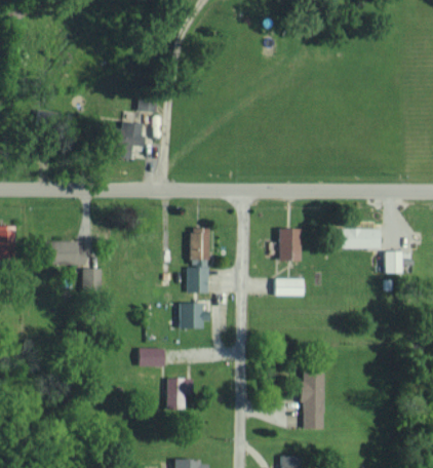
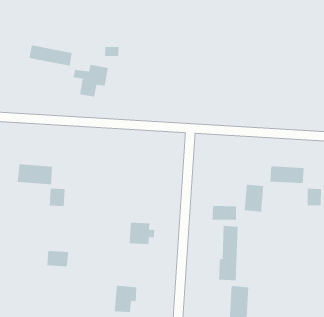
building: none -> [28,45,73,67]
building: [188,228,209,292] -> [218,225,238,281]
building: [278,228,301,261] -> [244,184,264,213]
building: [139,348,164,366] -> [47,250,69,267]

